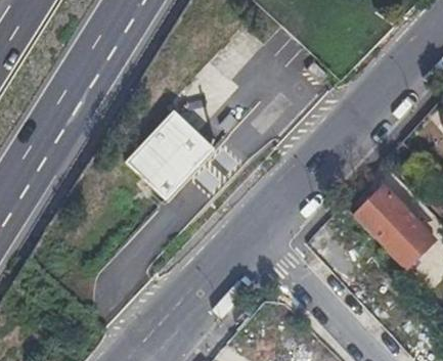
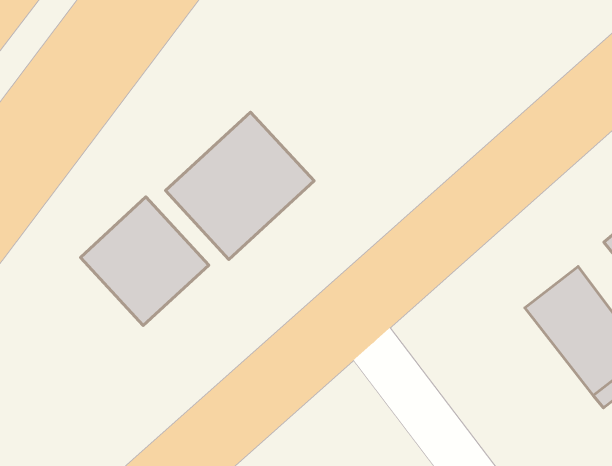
building: none -> [80,197,209,325]

